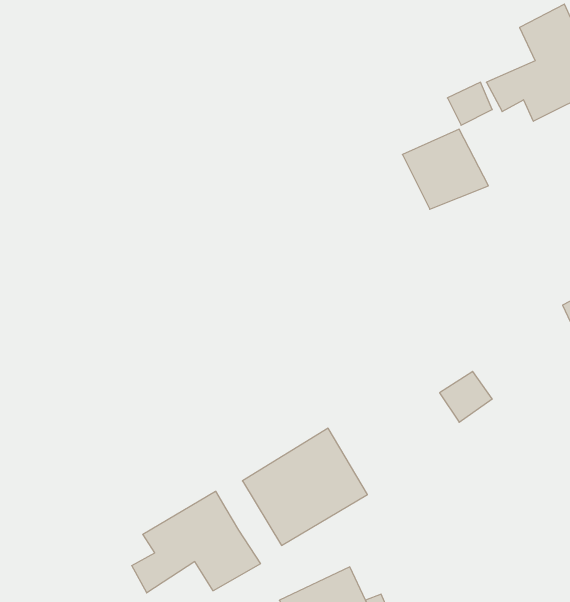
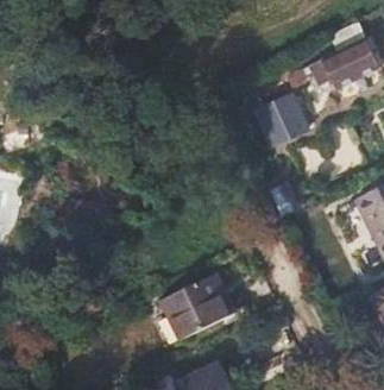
building: [132,491,260,593] -> none

